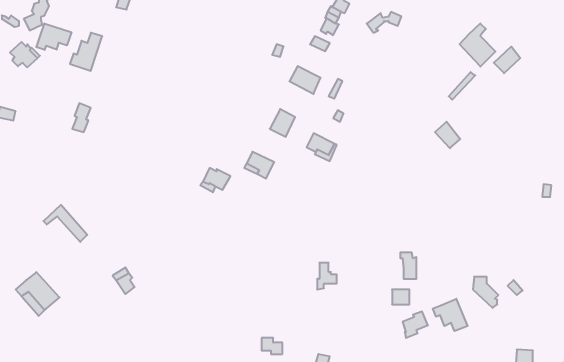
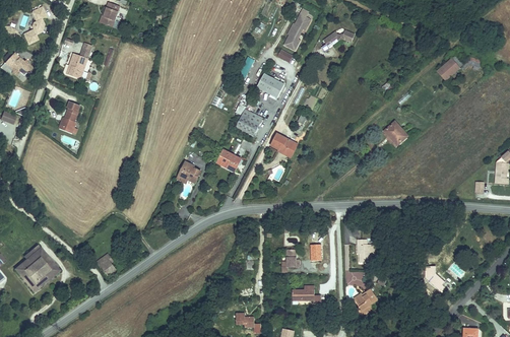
building: [36,23,71,50] -> none
building: [460,23,495,67] -> none
building: [43,205,87,242] -> [21,245,60,277]
building: [433,299,468,331] -> none
building: none -> [289,285,320,305]

